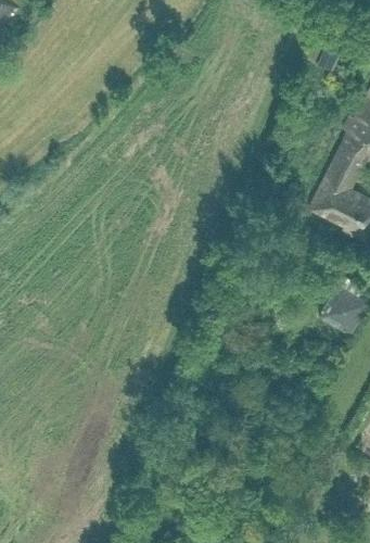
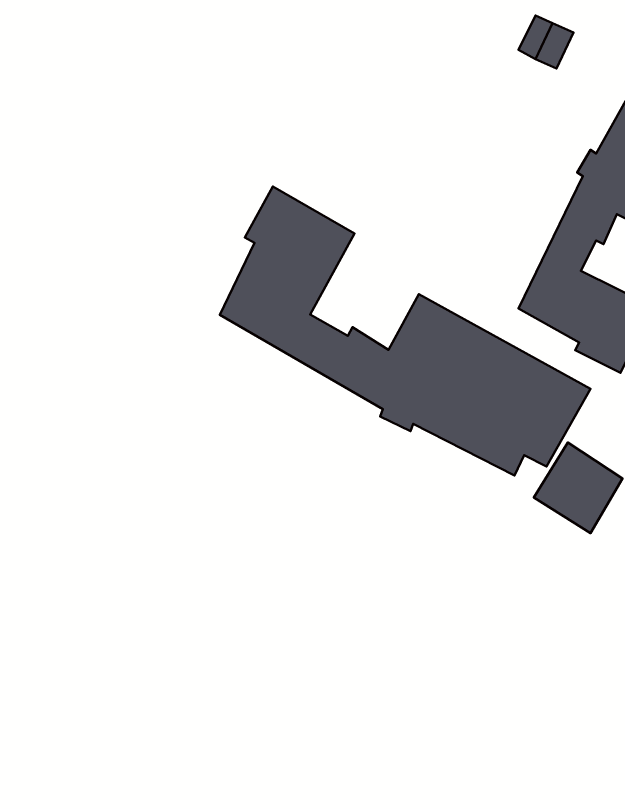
building: none -> [220,186,590,475]

